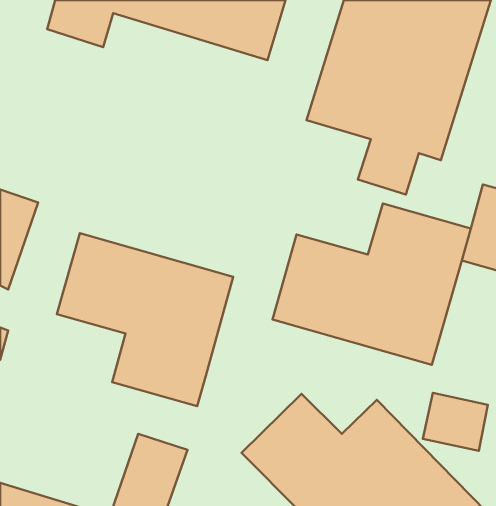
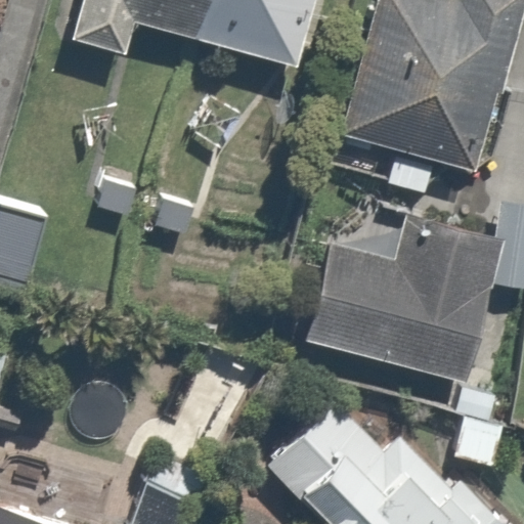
building: [57,233,233,406] -> none

